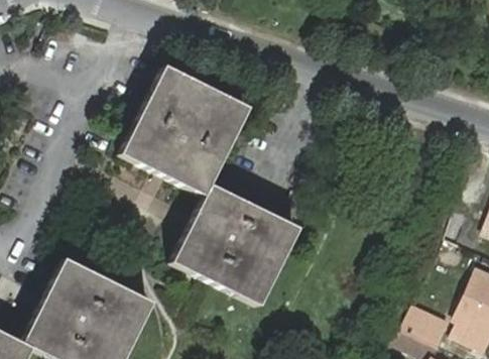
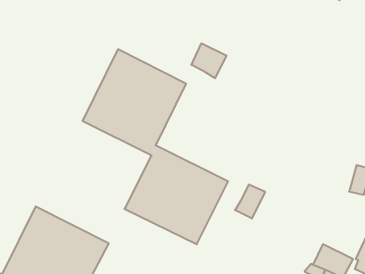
building: none -> [191,43,226,78]
building: none -> [235,184,265,219]

